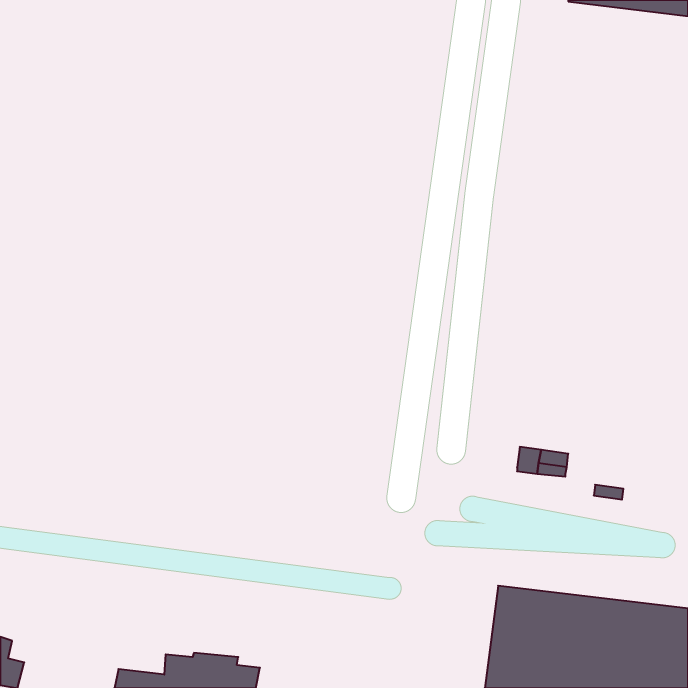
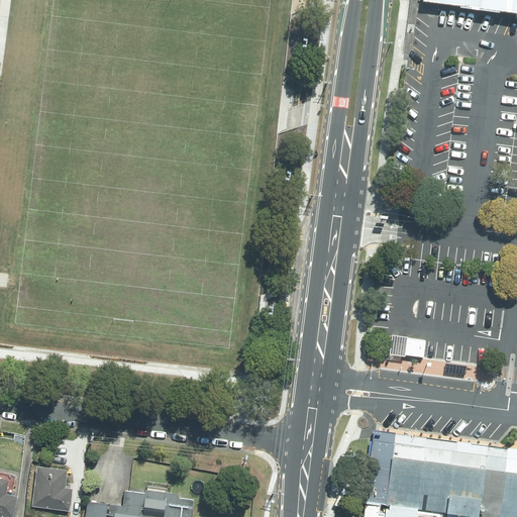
building: none -> [32,467,73,511]

